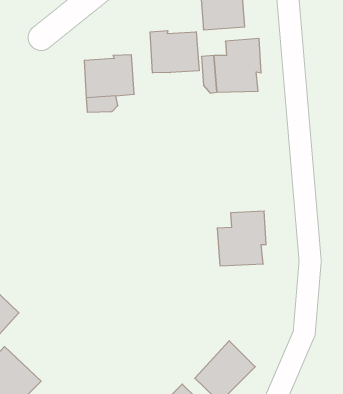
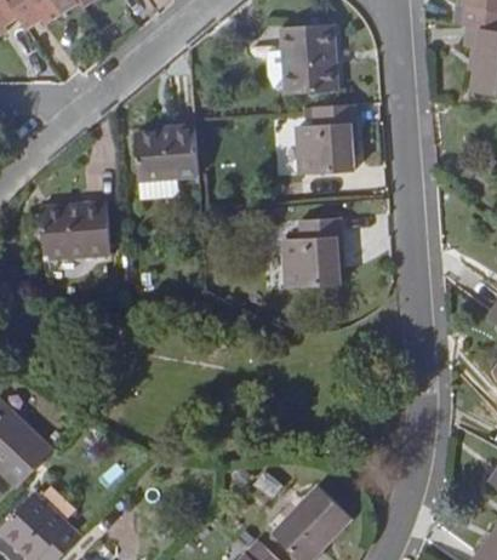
building: [150,31,199,73] -> none
building: none -> [40,201,109,257]
building: [217,211,266,266] -> [282,217,344,286]

